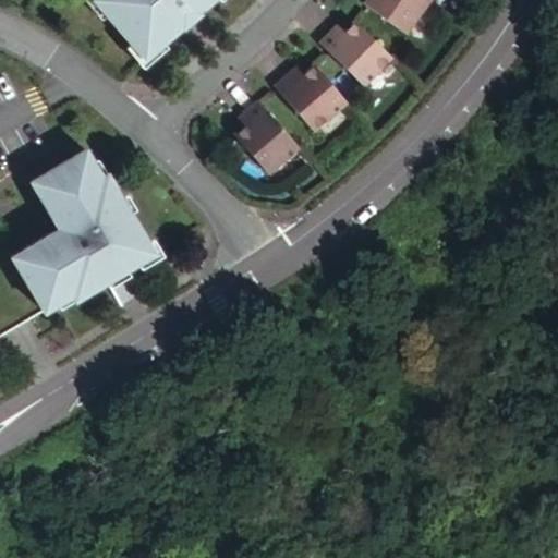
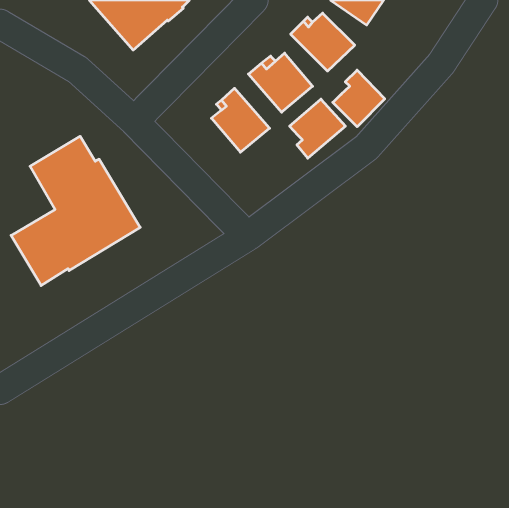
building: none -> [333,70,385,127]
building: none -> [290,99,345,158]

